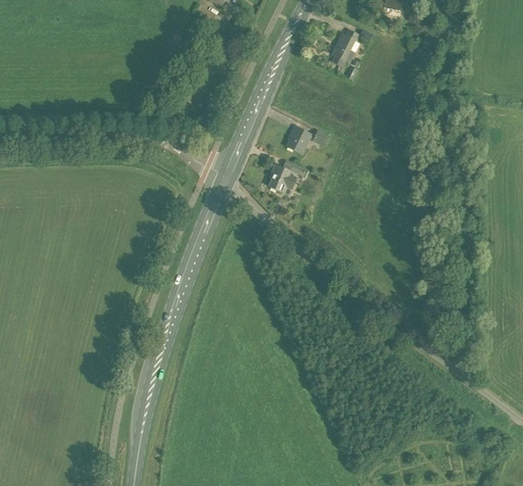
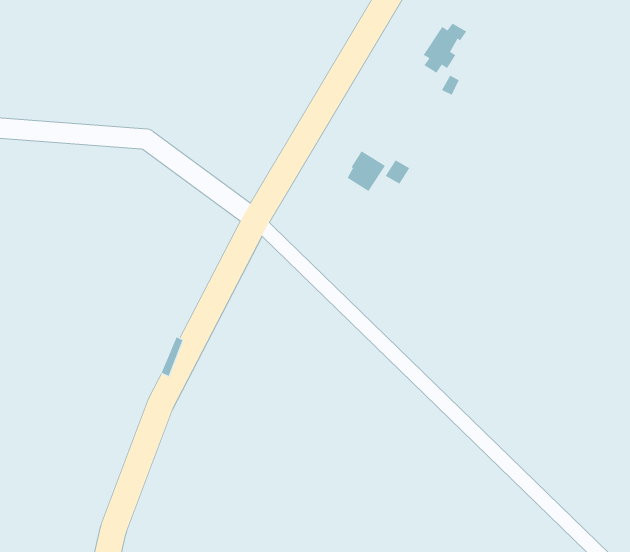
building: [268,160,305,191] -> none

